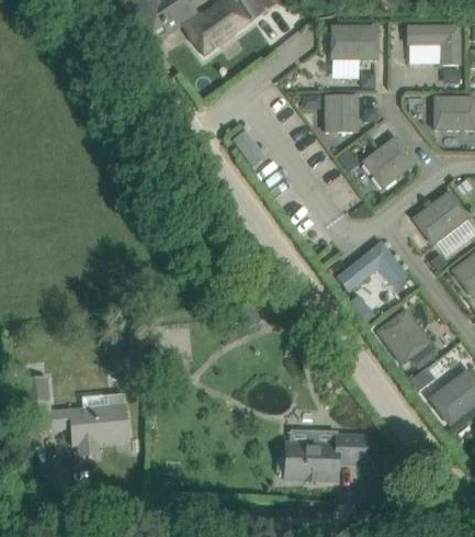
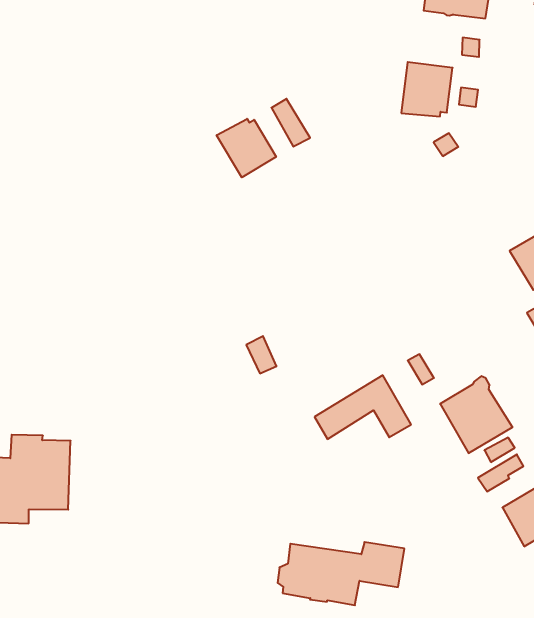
building: [363,137,415,187] -> none
building: none -> [217,119,276,177]
building: [338,242,406,291] -> [315,375,411,439]

